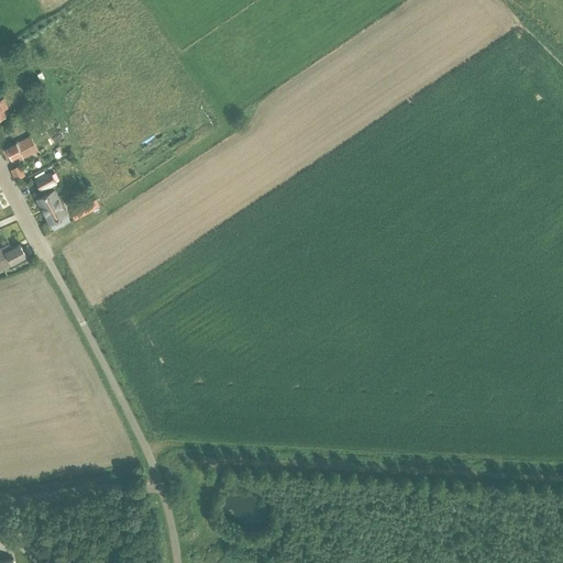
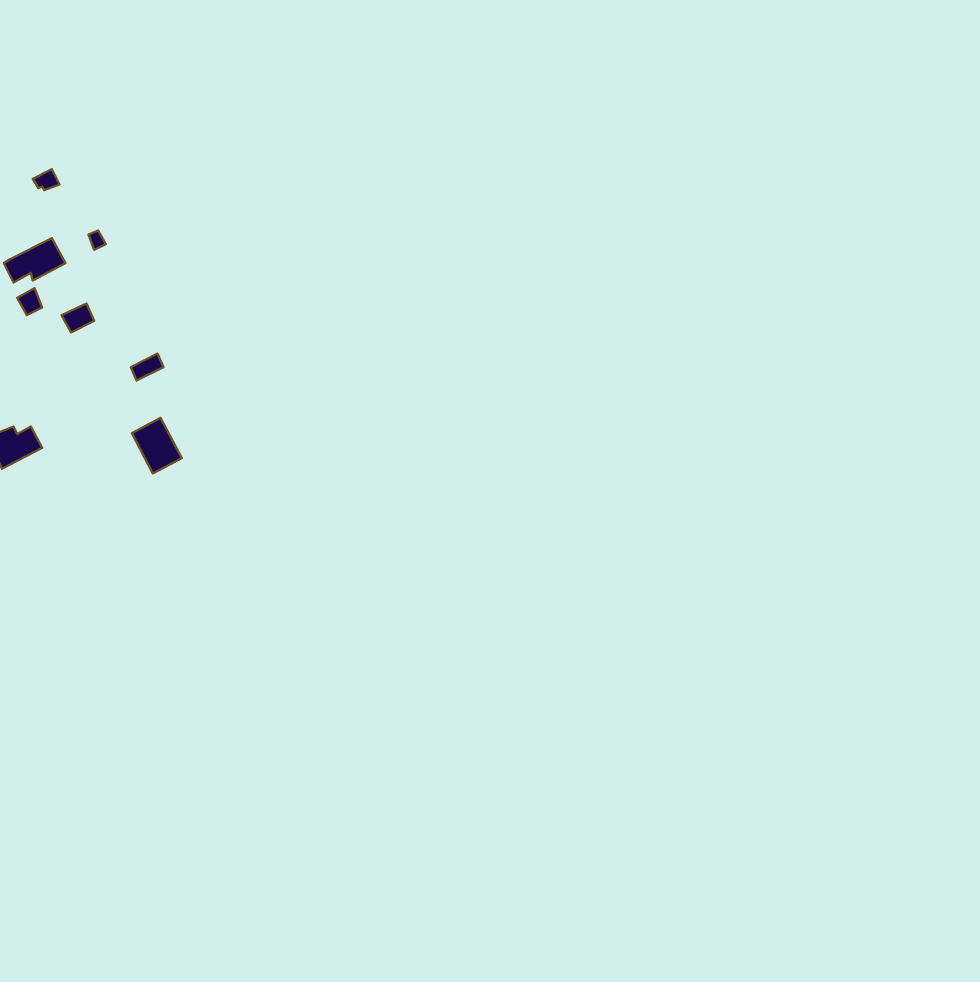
building: [36,191,65,223] -> [132,418,182,473]

